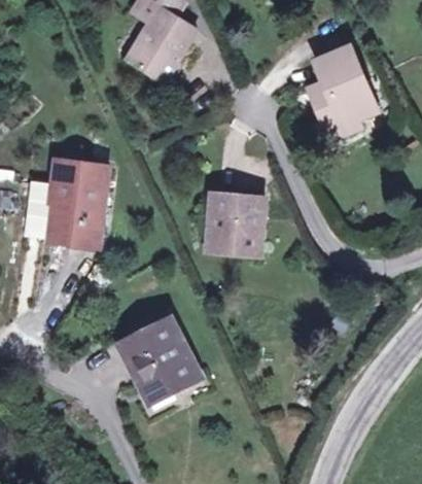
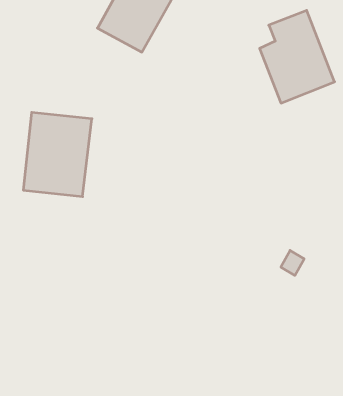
building: [201,191,266,257] -> none
building: [113,313,208,411] -> none

